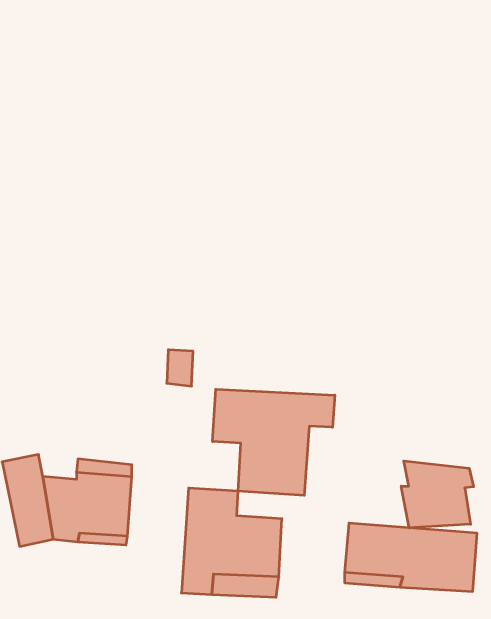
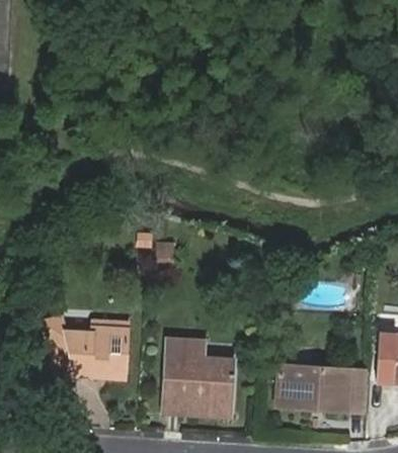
building: [213,389,335,495] -> none
building: [401,461,474,528] -> none

